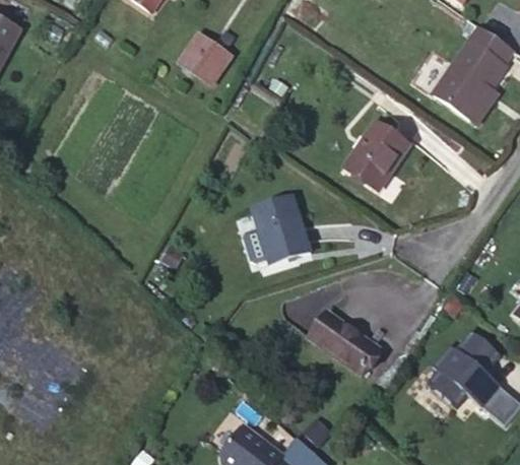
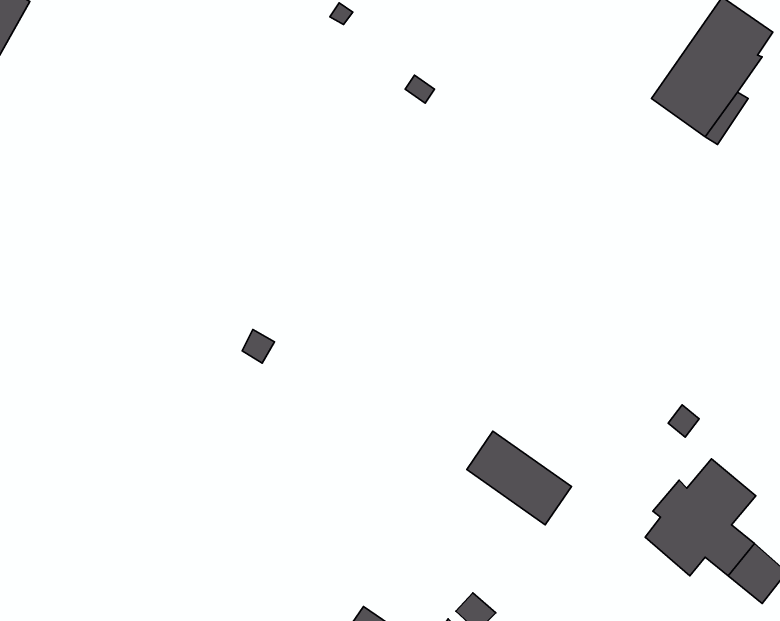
building: [180,35,230,83] -> none
building: [345,123,408,189] -> none
building: [252,196,311,264] -> none

